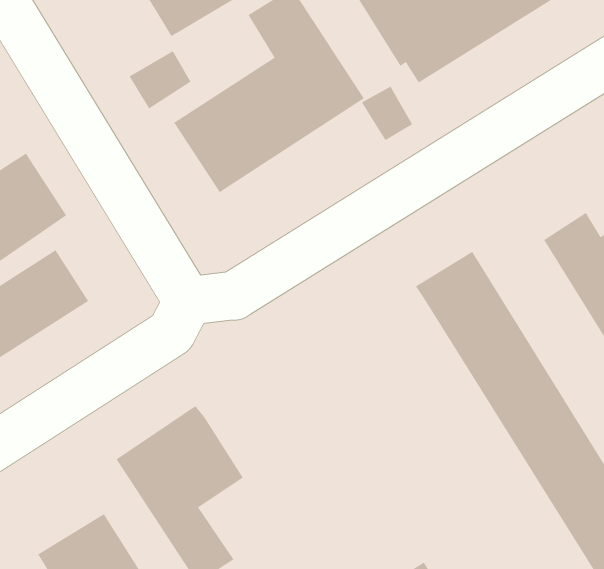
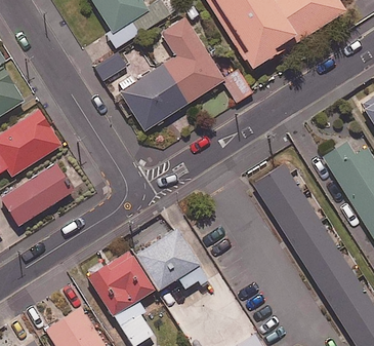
building: none -> [136,228,206,287]

